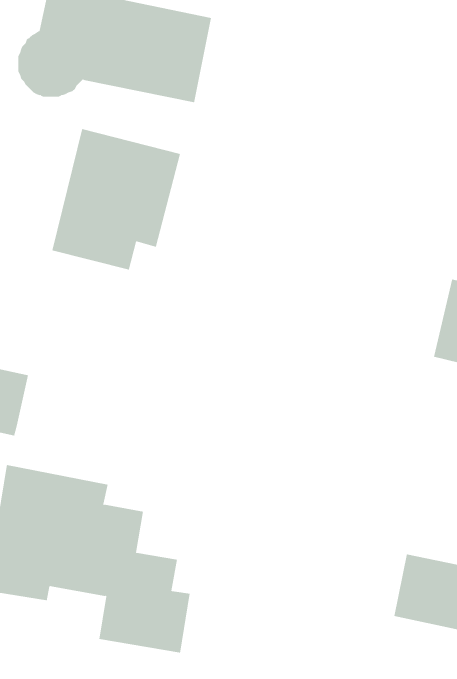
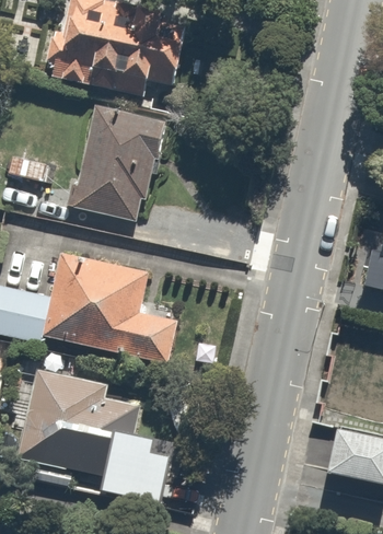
building: none -> [44,252,178,363]

